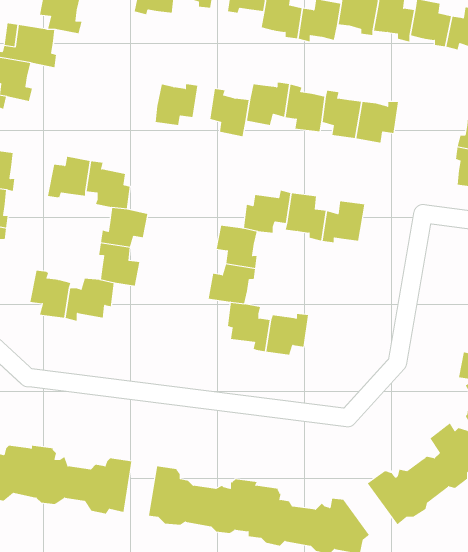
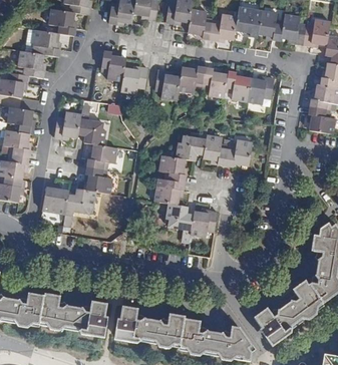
building: none -> [100,50,125,80]

